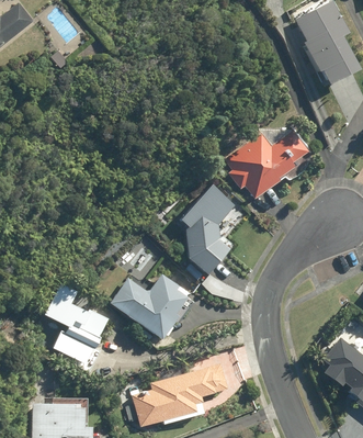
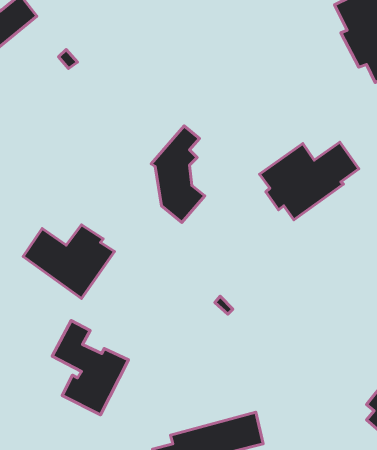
building: [189,190,235,273] -> [151,126,205,222]
building: [116,277,195,340] -> [23,225,115,299]

